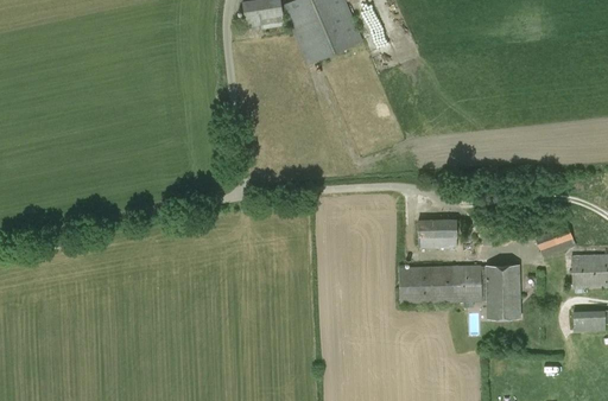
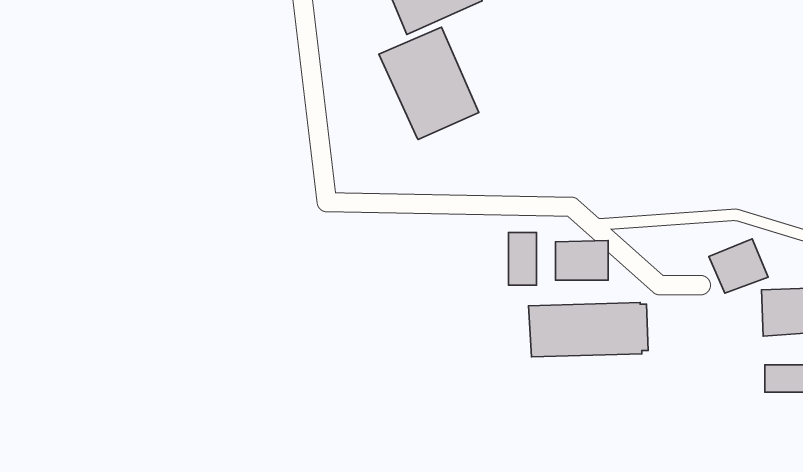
building: none -> [379,27,479,139]
building: none -> [509,233,537,285]
building: [486,265,520,318] -> none

